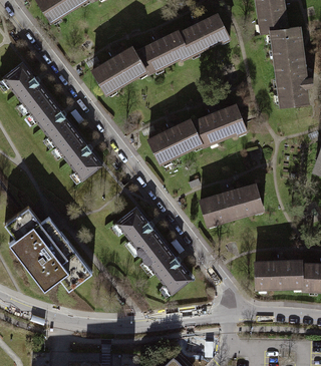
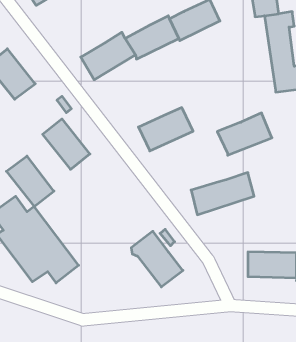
building: [28,98,74,147] -> [6,156,54,207]
building: [192,105,245,146] -> [217,113,272,155]
building: [115,209,163,258] -> none

